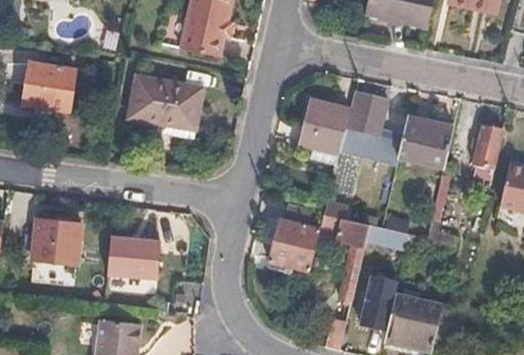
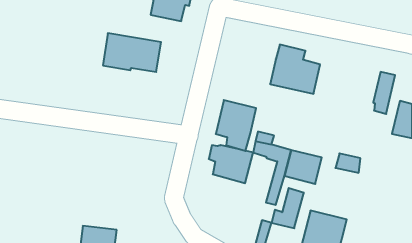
building: [25,64,77,112] -> none
building: [299,97,350,162] -> [216,100,256,151]
building: [398,115,453,167] -> none
building: [27,220,78,267] -> none
building: [100,235,159,281] -> none

